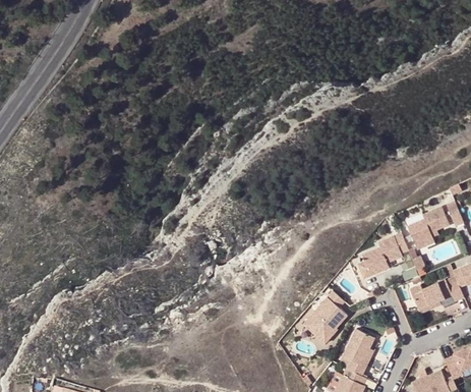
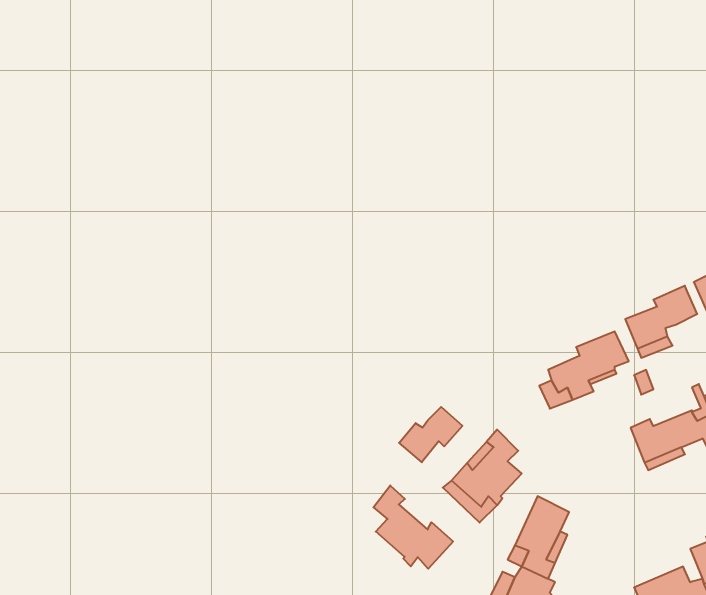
building: none -> [399,407,462,462]
building: none -> [373,485,453,569]

